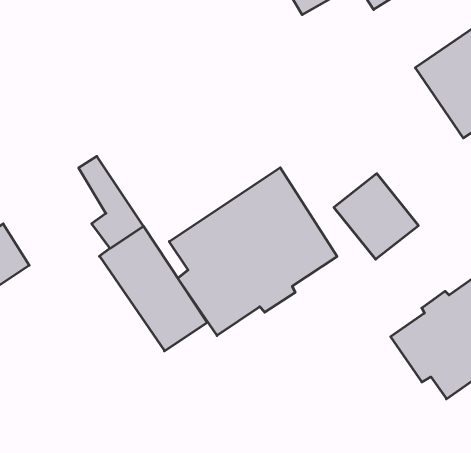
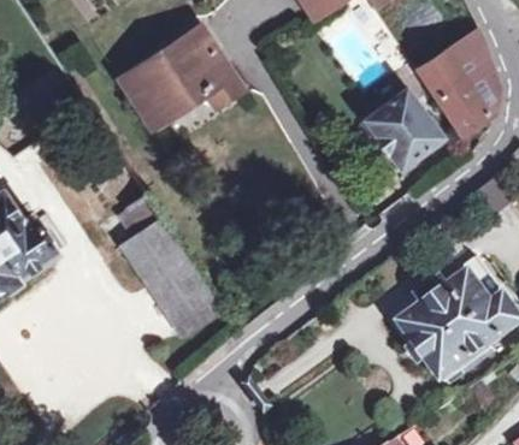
building: none -> [123,29,241,126]
building: [169,168,337,336] -> none
building: [334,174,418,259] -> [362,90,441,170]

